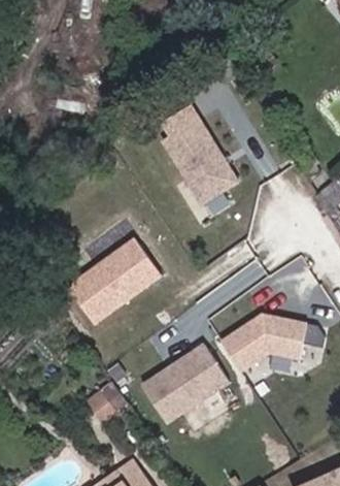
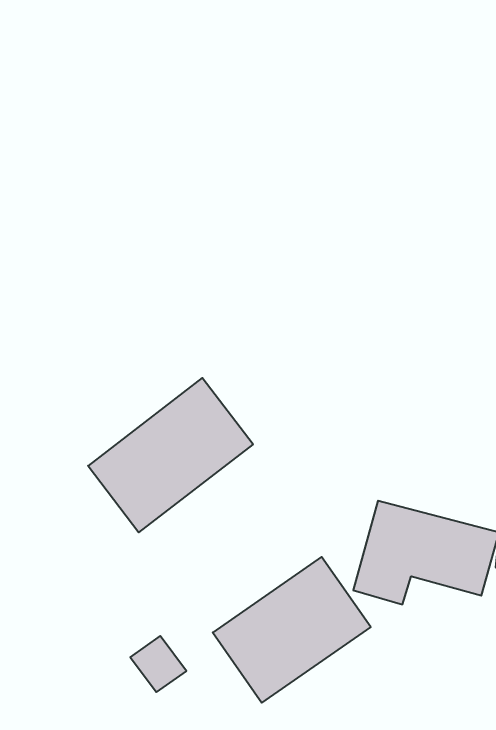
building: [152,100,241,204] -> none

